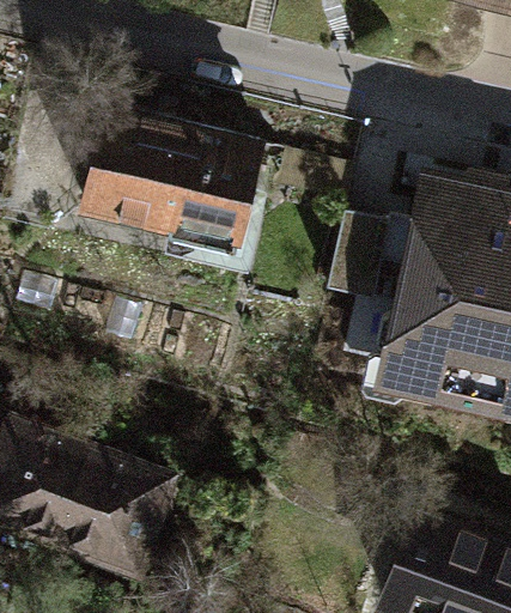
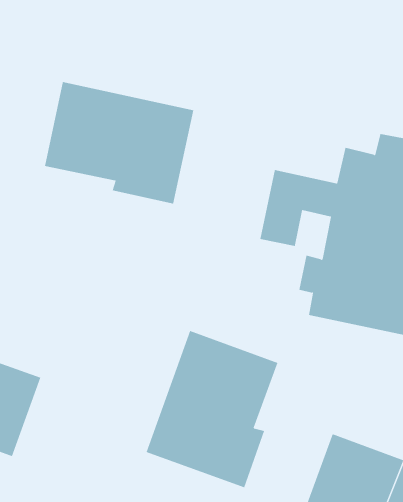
building: none -> [146,330,278,488]
building: [55,456,171,576] -> none

